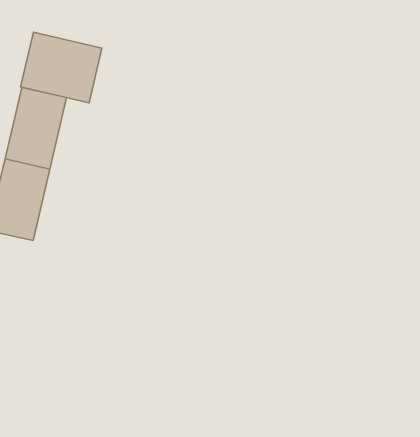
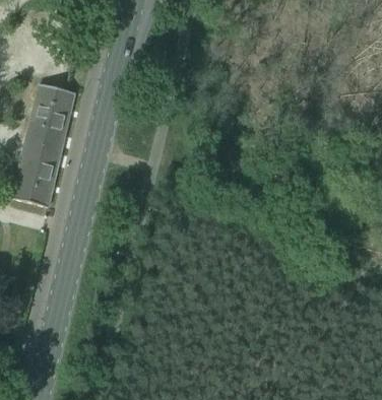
building: [21,32,102,103] -> none

